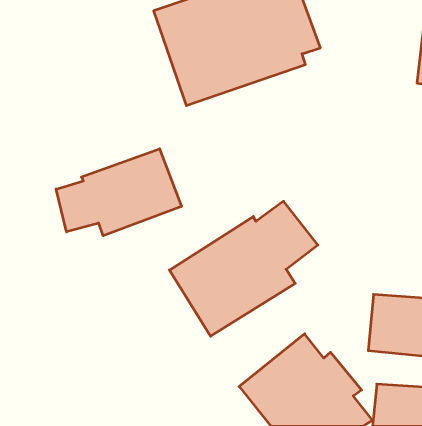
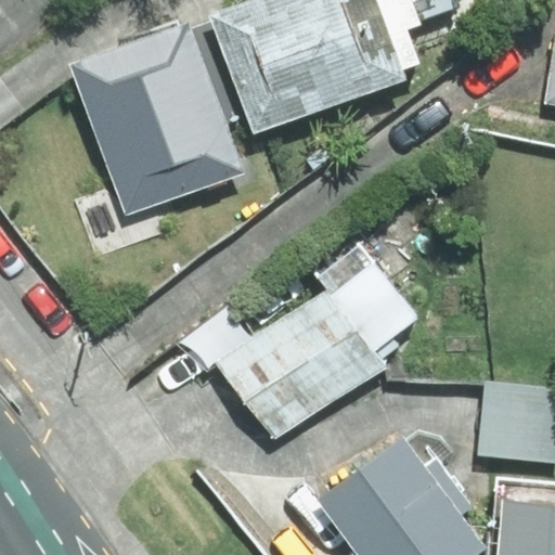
building: none -> [68,22,241,218]
building: [56,149,181,236] -> none

